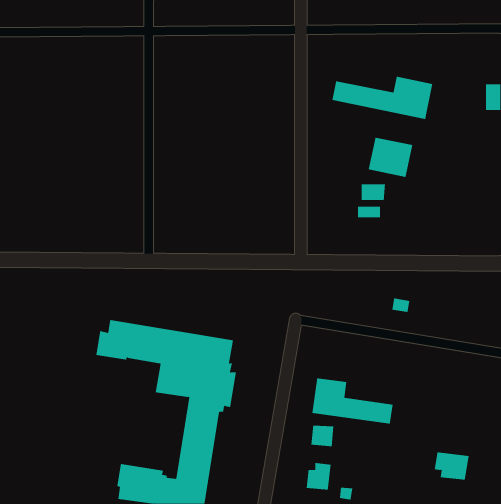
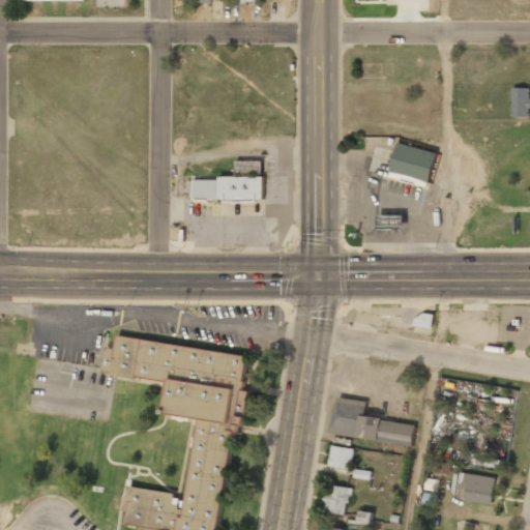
building: [332,76,433,120] -> none
building: none -> [188,163,261,202]
building: [361,183,385,201] -> none

